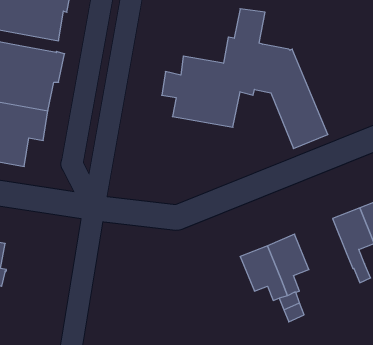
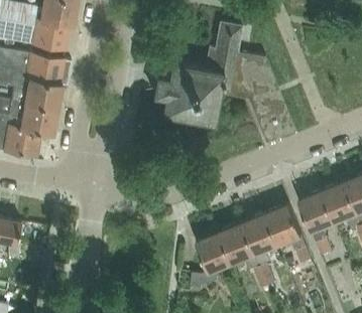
building: none -> [267,204,313,263]
building: none -> [178,232,233,291]

